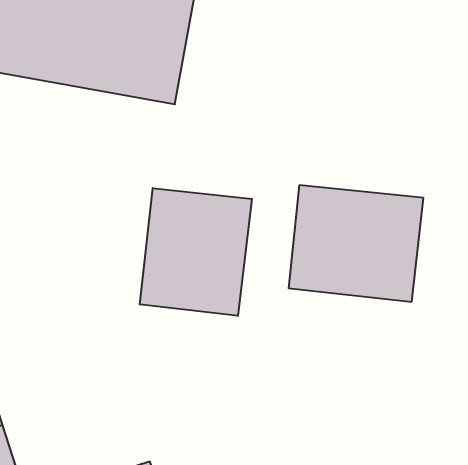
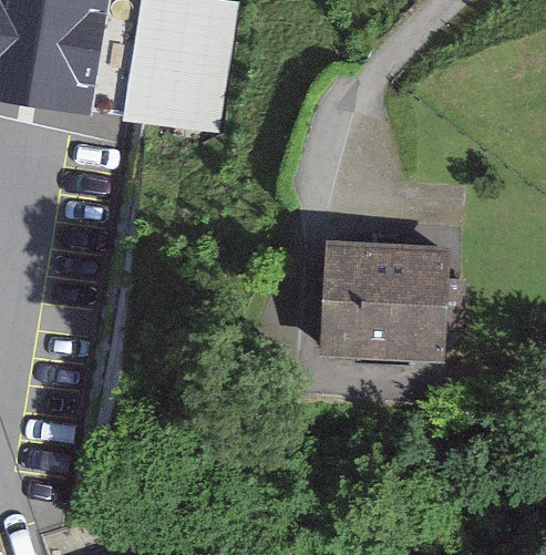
building: [140,188,252,316] -> none

